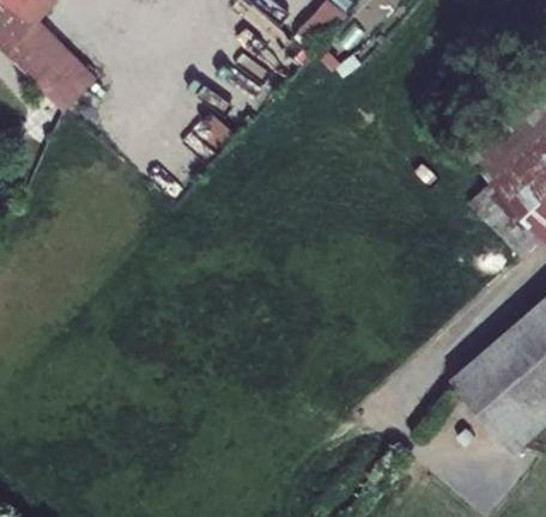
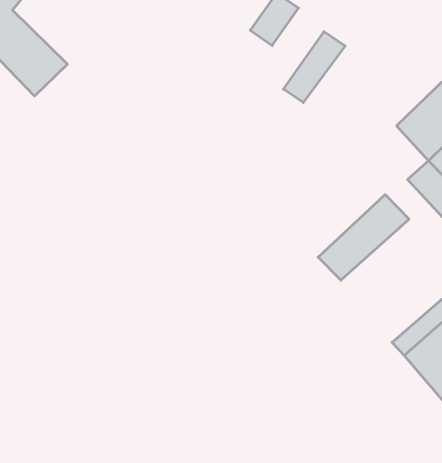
building: none -> [283,32,345,103]
building: none -> [318,195,409,280]

